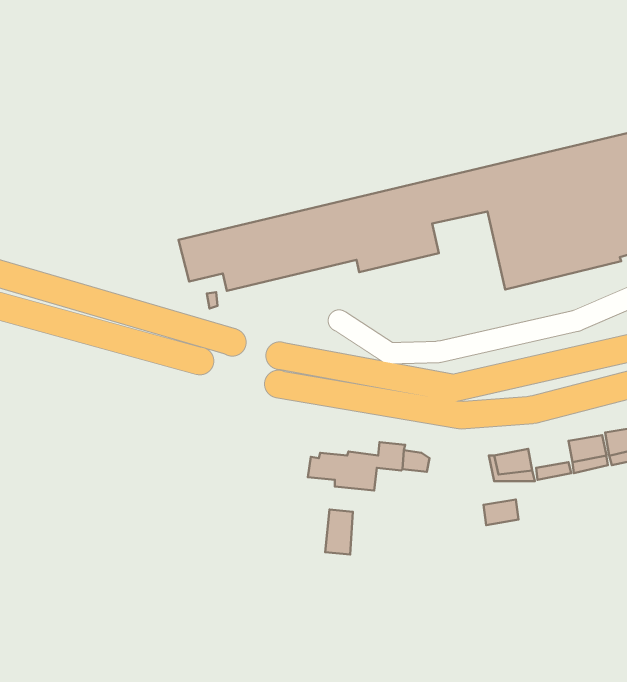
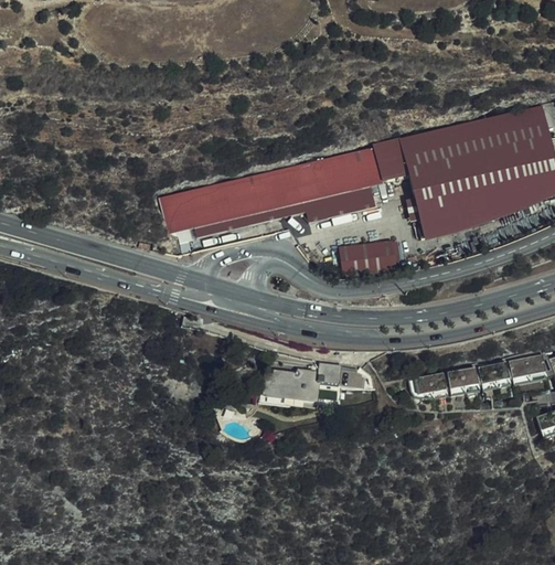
building: none -> [340,241,398,277]
building: [484,499,519,525] -> [449,362,478,383]
building: [325,510,353,554] -> none

